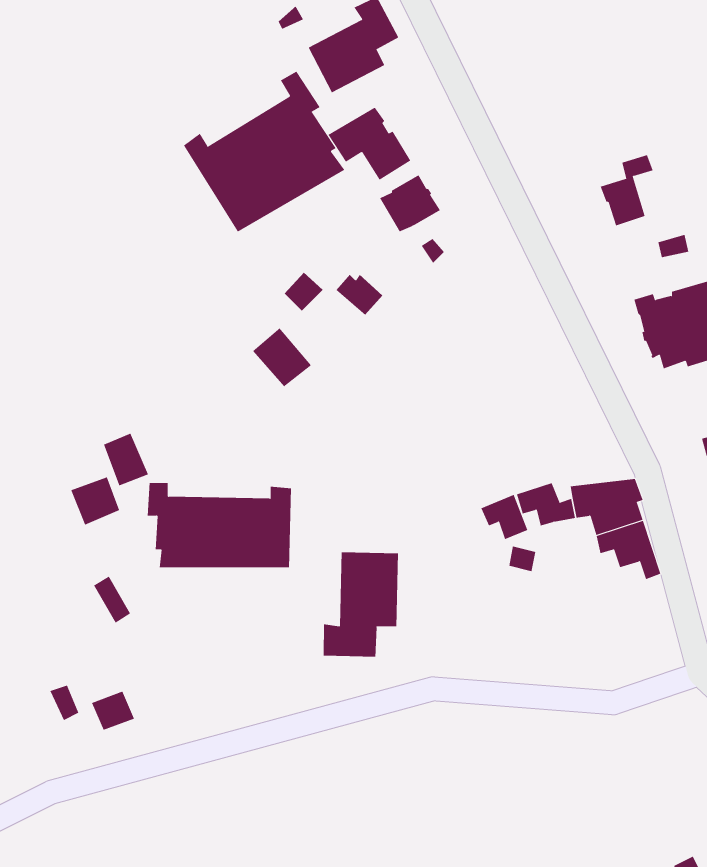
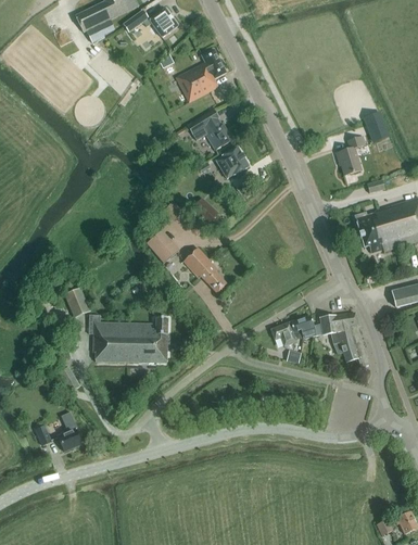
building: [183,71,345,232] -> none
building: none -> [365,112,389,142]
building: none -> [182,248,227,293]
building: [70,477,120,526] -> none
building: [323,552,399,658] -> none

